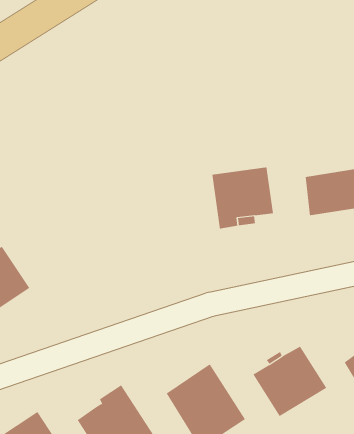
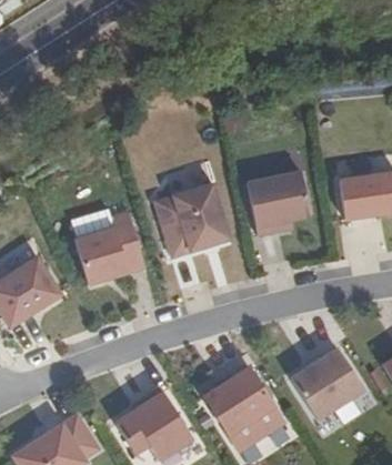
building: none -> [157,178,230,253]
building: none -> [76,205,144,280]

